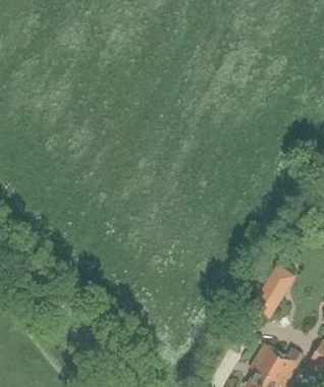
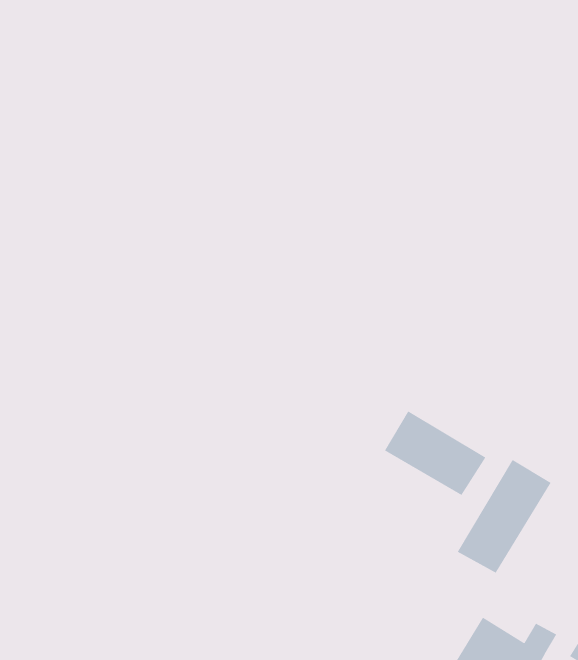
building: none -> [384,411,486,496]

